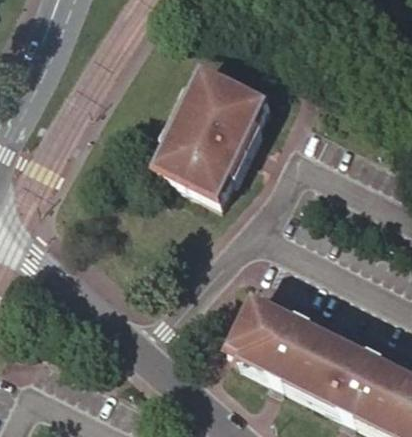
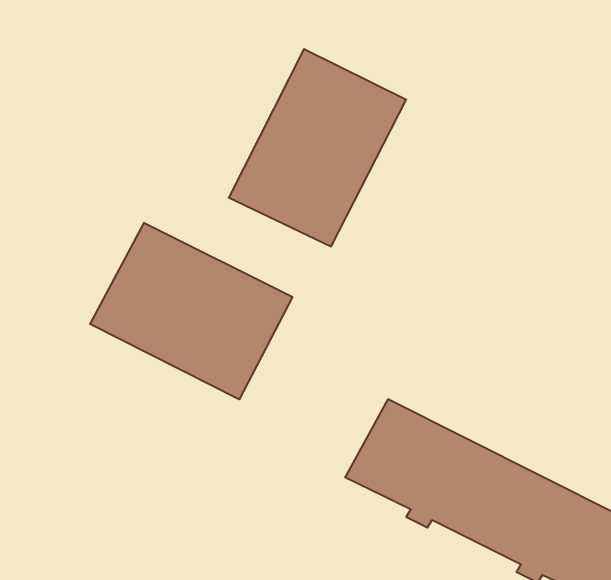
building: none -> [90,223,292,399]

